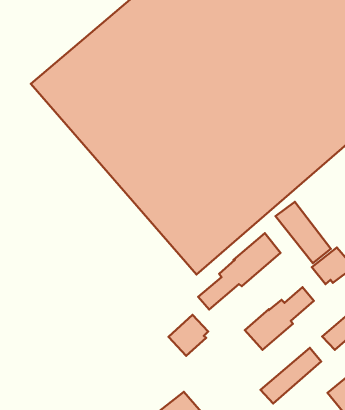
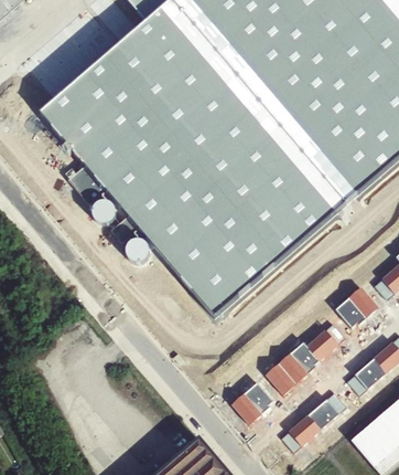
building: [276,202,331,263] -> none
building: [198,233,281,310] -> none
building: [168,315,208,356] -> [230,381,272,424]

